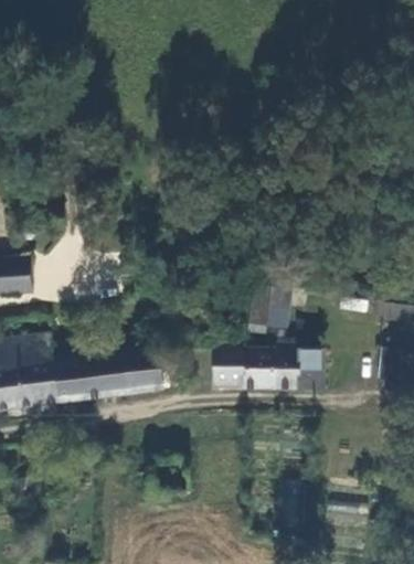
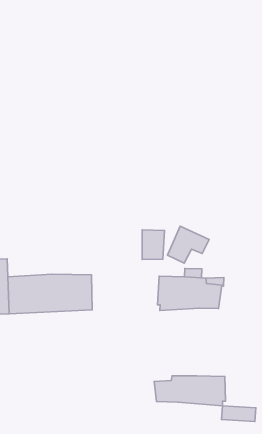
building: [211,349,238,386] -> [142,230,165,260]
building: none -> [154,376,225,406]

